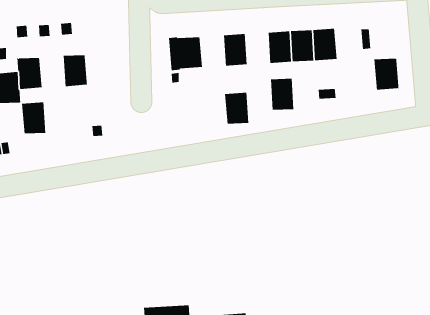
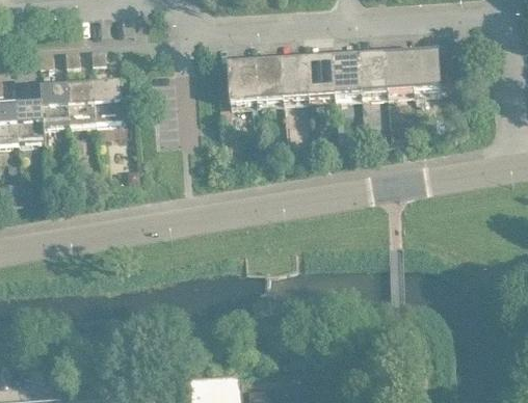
building: [374,56,399,90] -> [411,49,441,88]
building: [270,78,294,110] -> [307,57,335,95]
building: [224,92,249,124] -> [254,60,283,98]
building: [21,102,46,134] -> [67,84,96,122]

